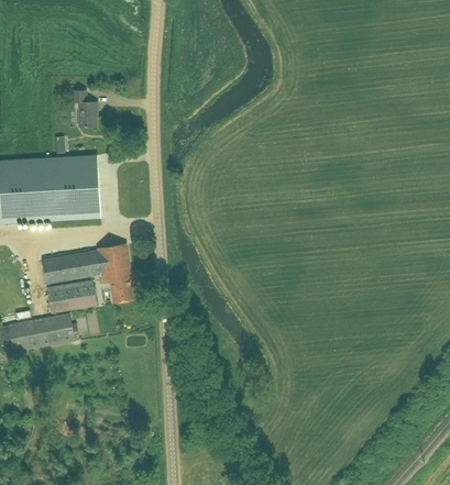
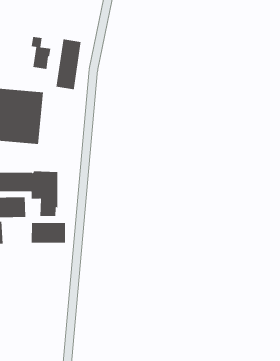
building: none -> [56,39,81,90]
building: none -> [31,222,66,243]

